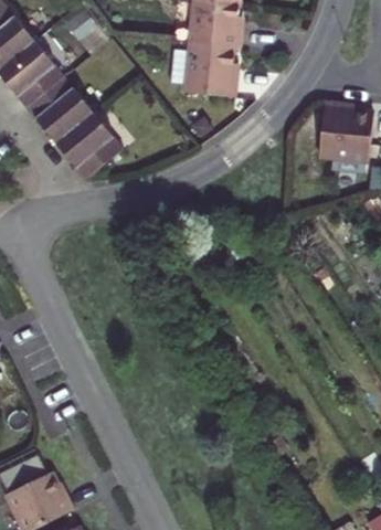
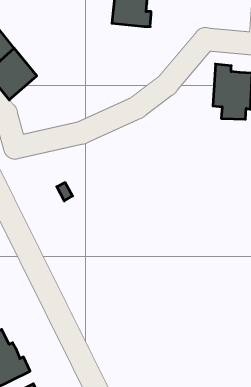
building: [181,45,233,95] -> none
building: [51,115,120,184] -> none

